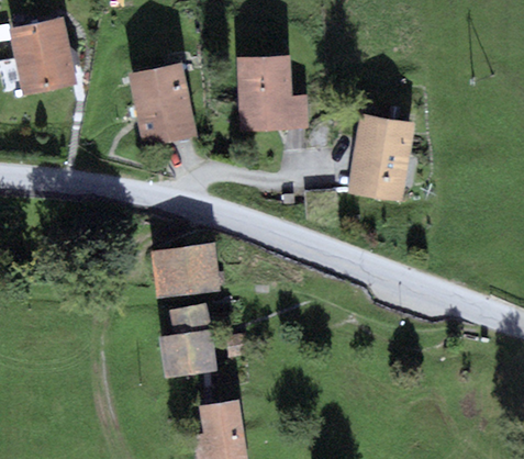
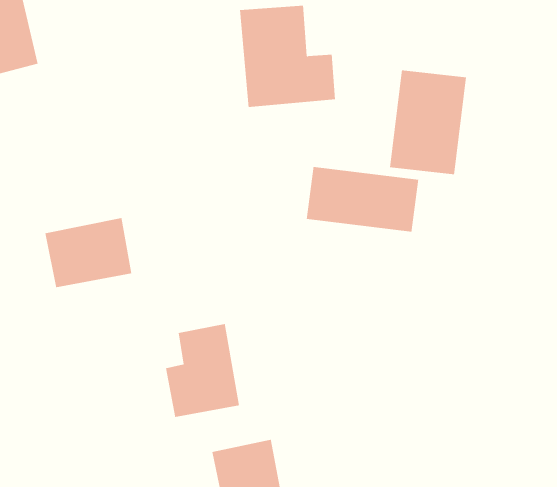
building: [132,65,193,145] -> none
building: none -> [306,166,419,232]
building: [152,243,219,294] -> [45,218,132,288]

